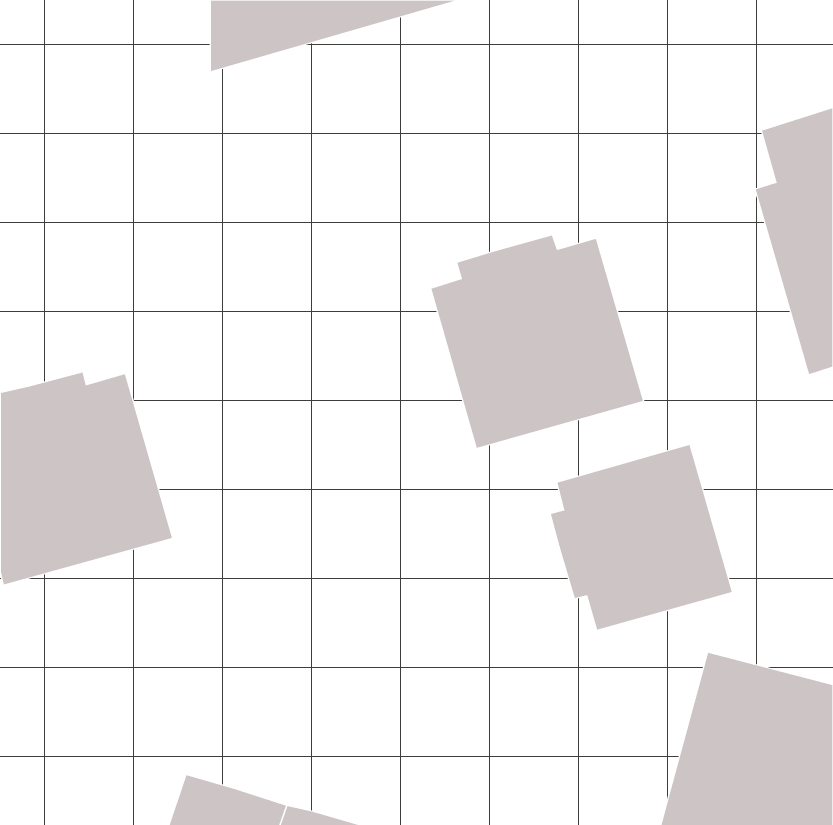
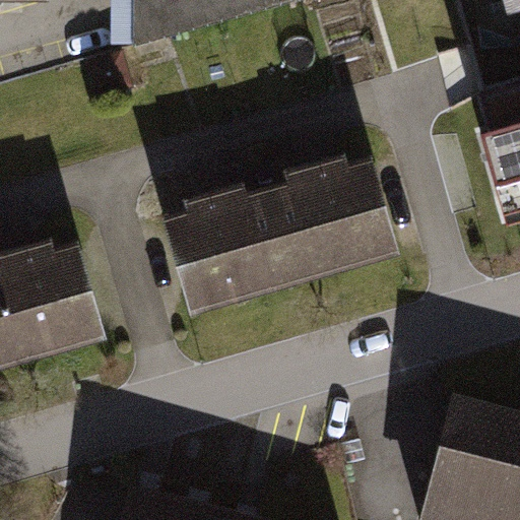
building: none -> [164,179,297,315]
building: [550,444,733,631] -> none

